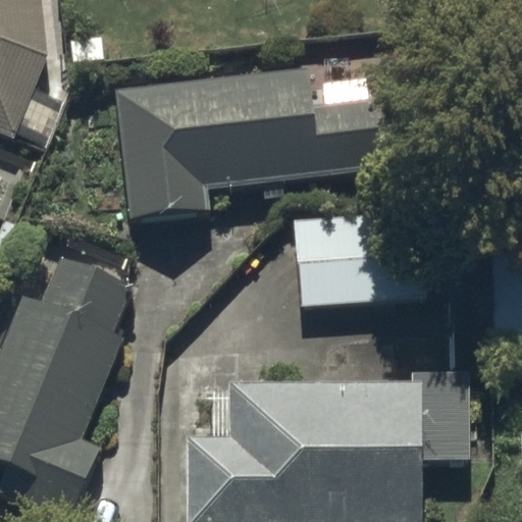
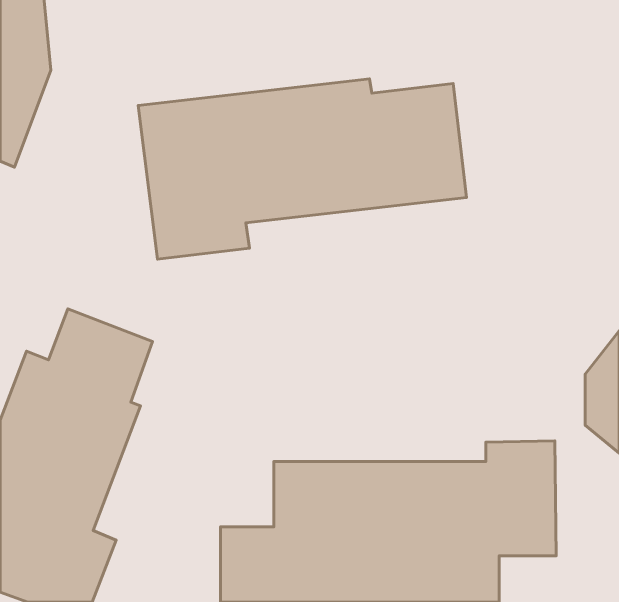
building: [293,211,418,311] -> none

